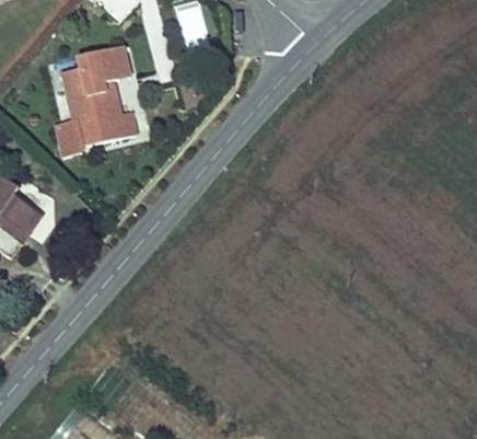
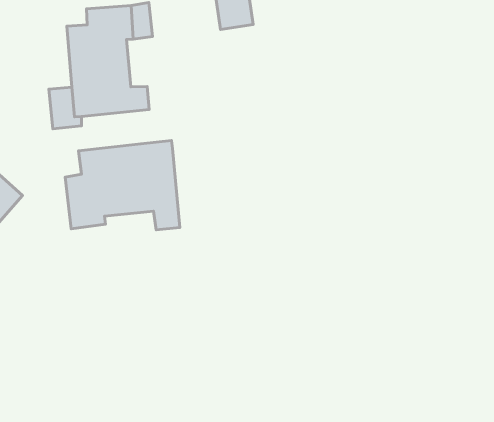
building: none -> [65,141,180,230]

